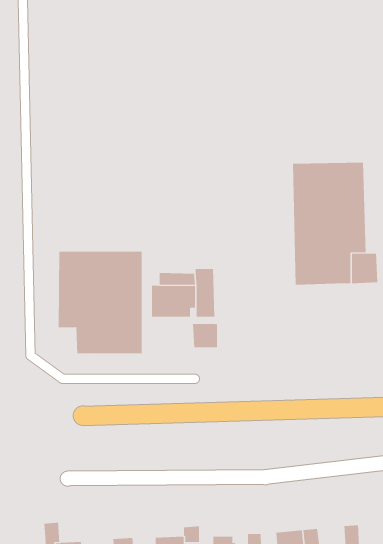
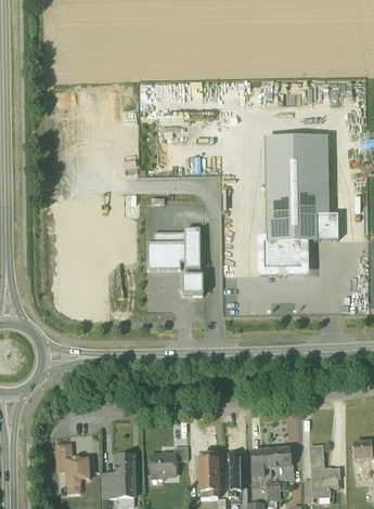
building: [58,251,142,354] -> none
building: none -> [262,240,302,271]

